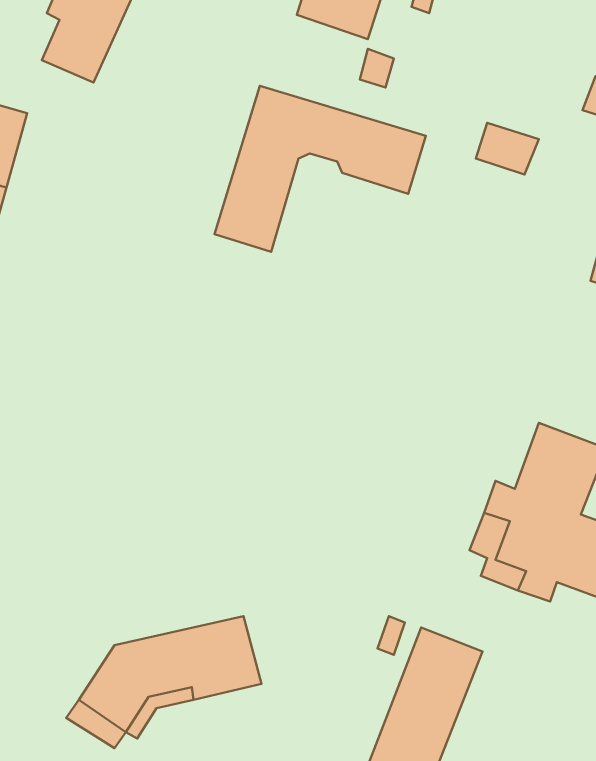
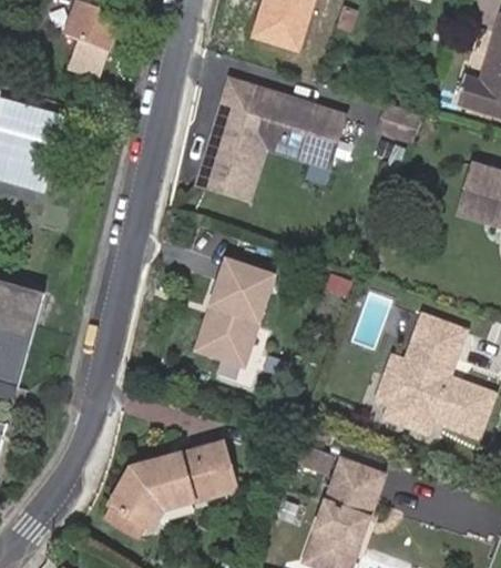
building: none -> [236,129,330,200]
building: none -> [193,264,270,369]

